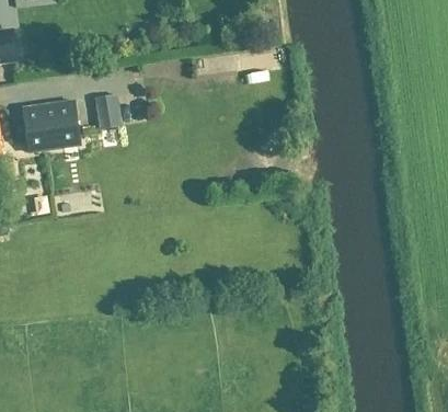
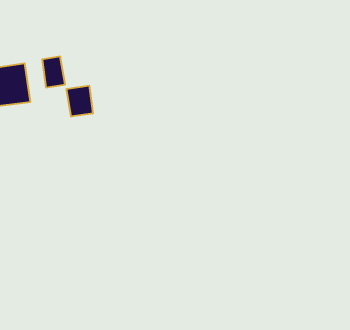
building: none -> [67,86,93,117]

